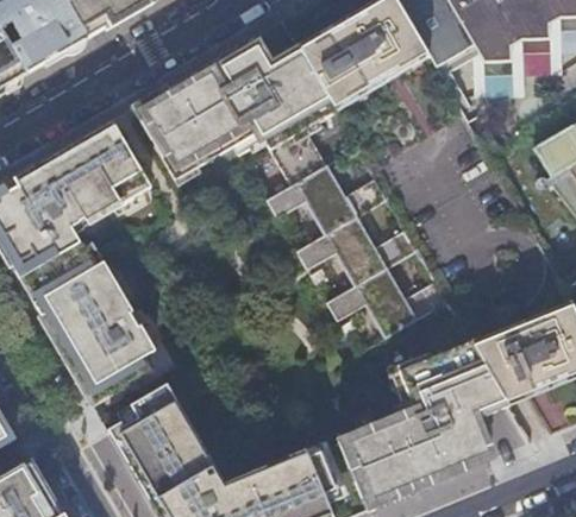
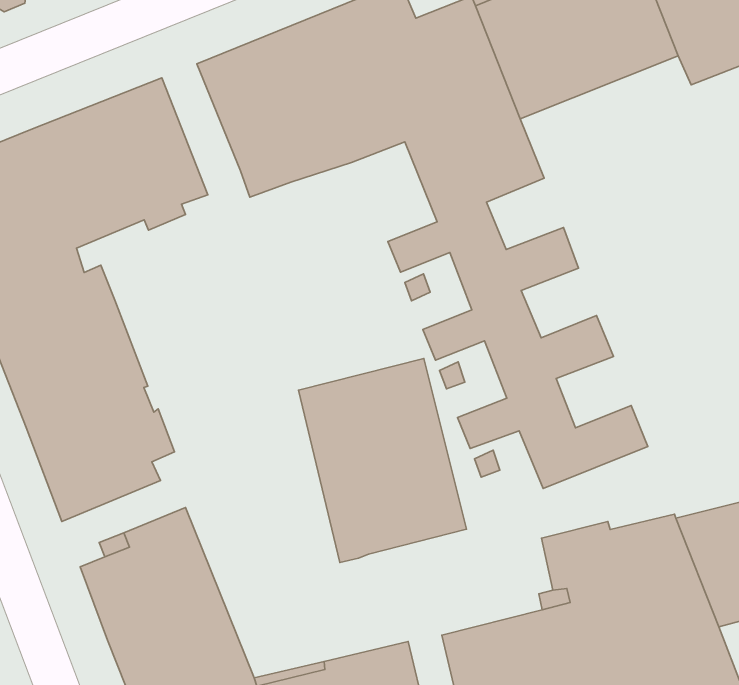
building: none -> [298,358,467,562]

